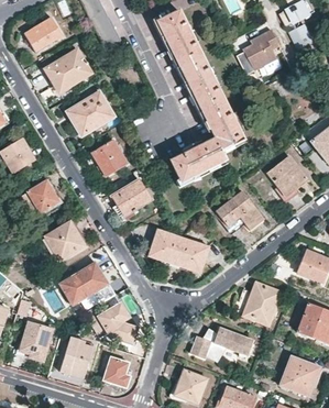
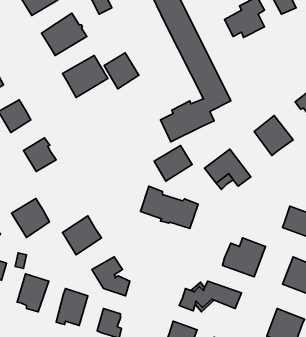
building: [91,140,128,177] -> [104,53,139,89]
building: [111,178,151,216] -> [154,145,192,181]
building: [45,220,85,261] -> [12,199,50,238]

